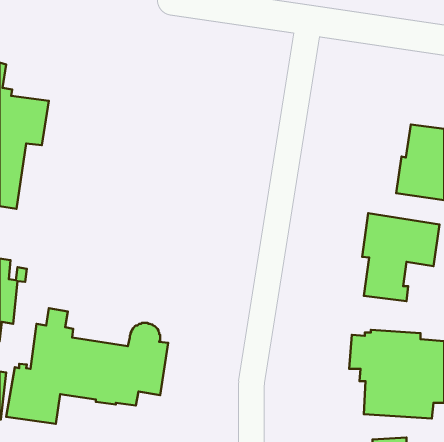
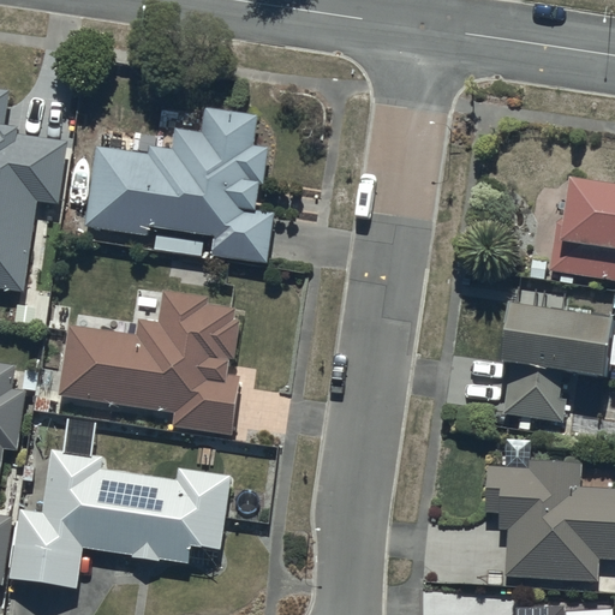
building: none -> [84,108,297,263]
building: none -> [58,289,253,435]

